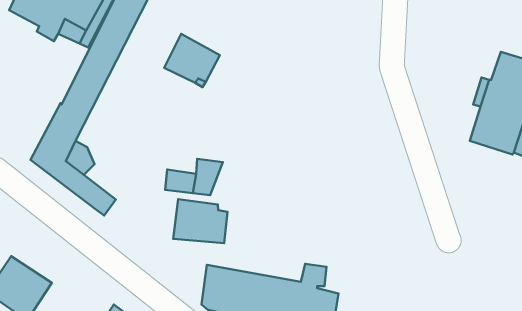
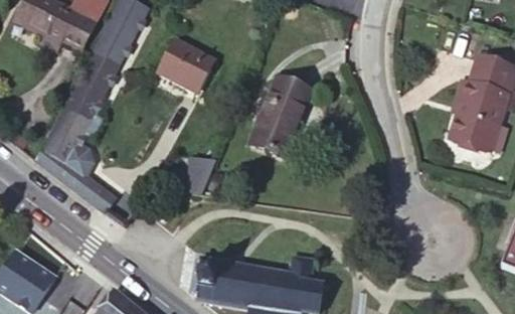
building: none -> [250,74,315,159]
building: [173,199,228,243] -> none

